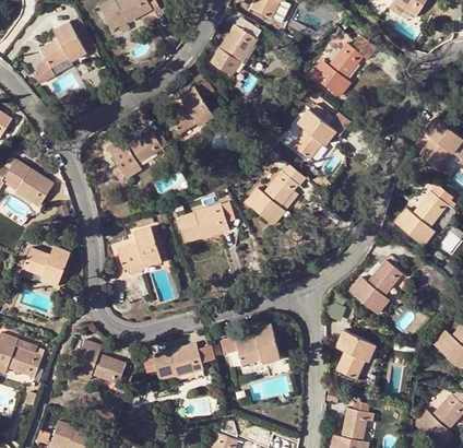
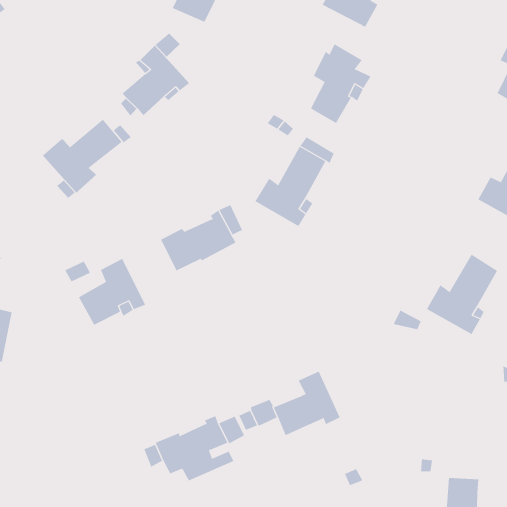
building: [336,331,376,378] -> none
building: [73,340,127,381] -> none

